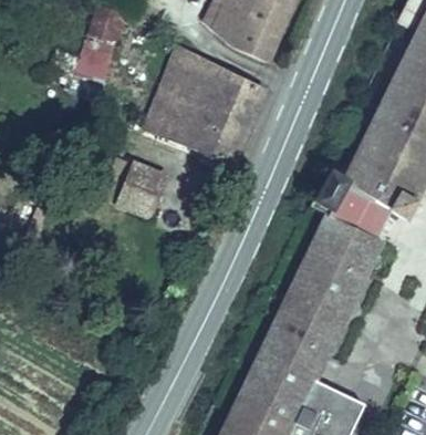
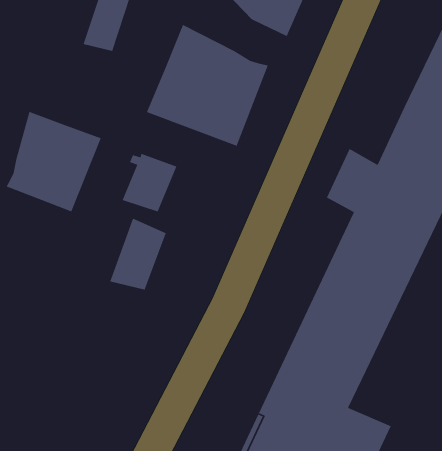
building: none -> [6,111,102,213]
building: none -> [109,217,167,291]

